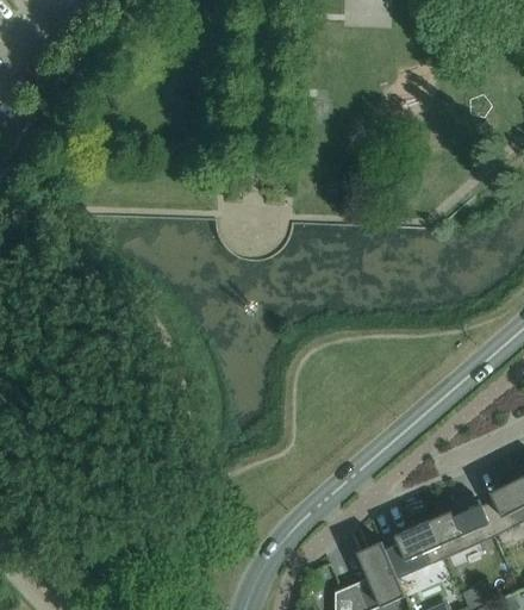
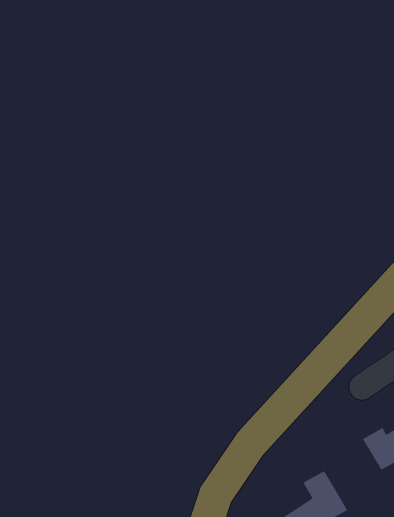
building: [386,519,447,578] -> none

